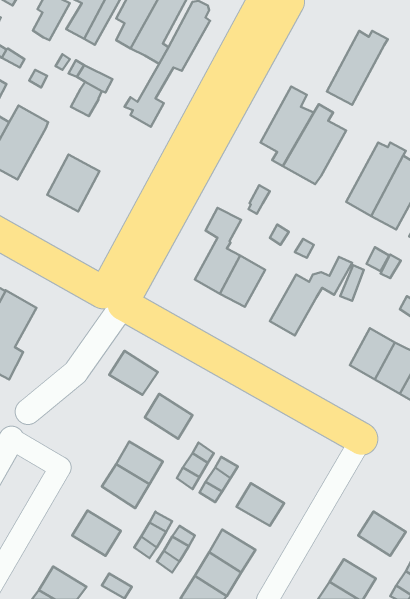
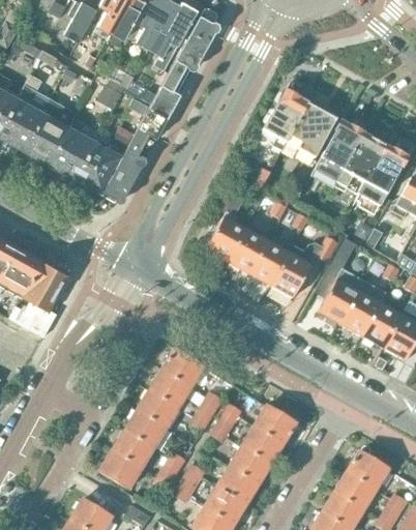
building: [327,31,388,105] -> [315,119,367,183]
building: none -> [101,101,167,202]
building: none -> [51,119,95,177]
building: none -> [248,242,293,287]
building: none -> [318,275,357,325]
building: [109,351,158,395] -> [148,371,190,409]
building: none -> [254,407,295,445]
building: none -> [112,431,153,469]
building: none -> [229,448,270,485]
building: none -> [334,473,375,510]

